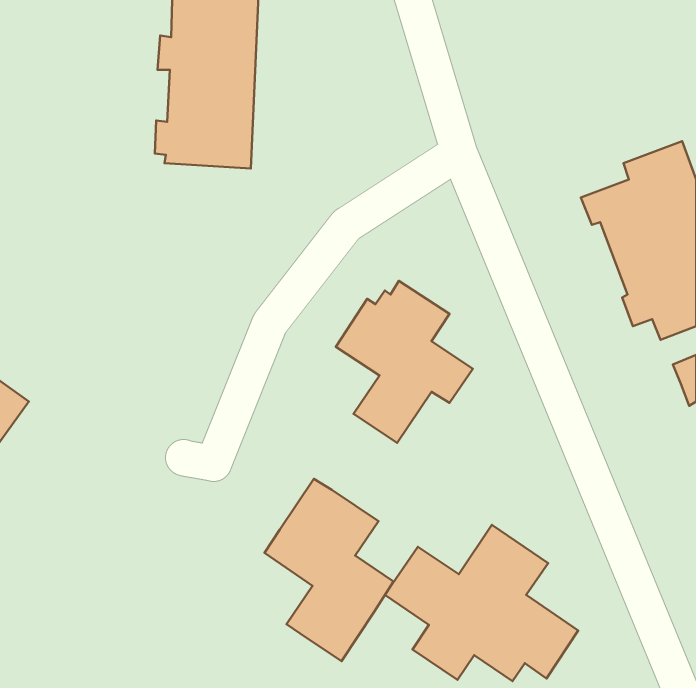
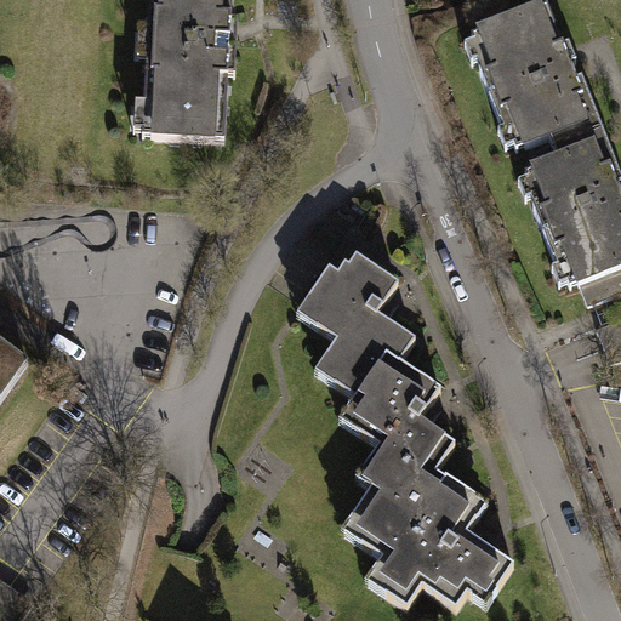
building: none -> [462,6,604,144]
building: [265,479,393,661] -> [338,347,452,508]

